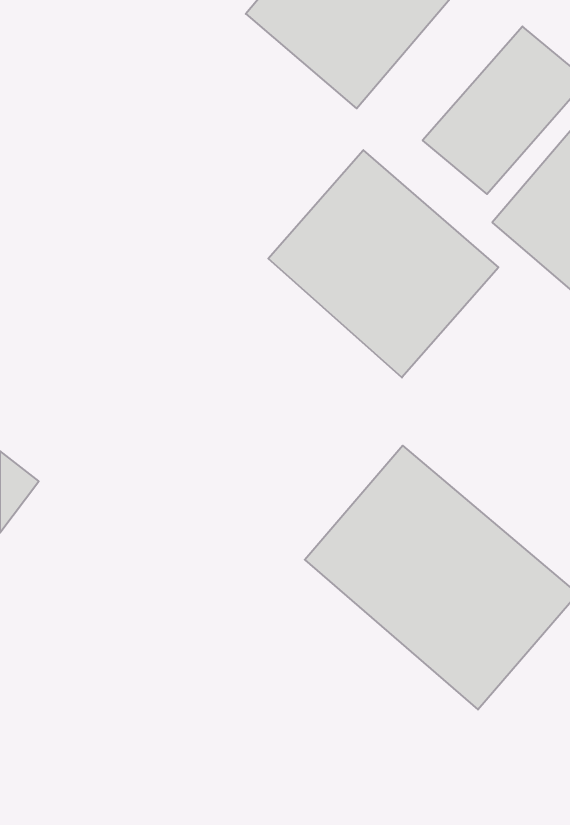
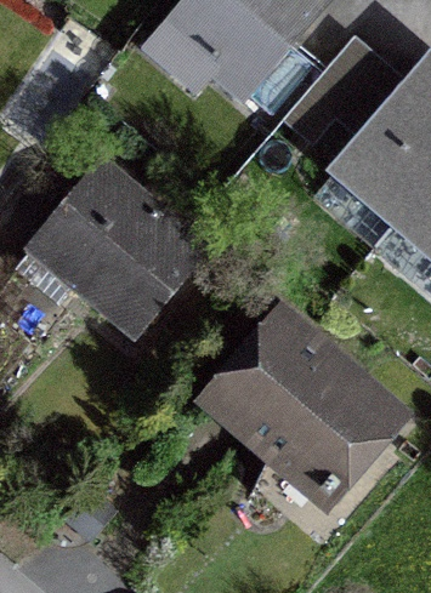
building: [268,150,498,378] -> none
building: none -> [12,165,203,336]

